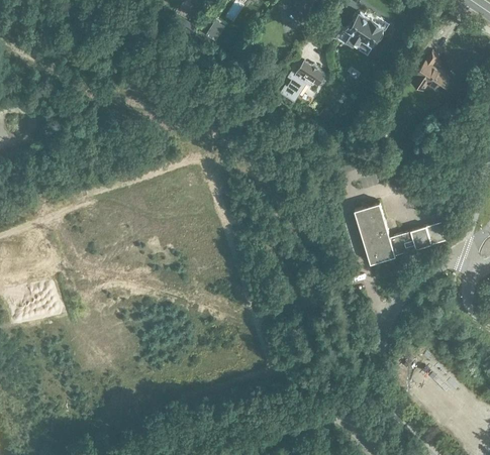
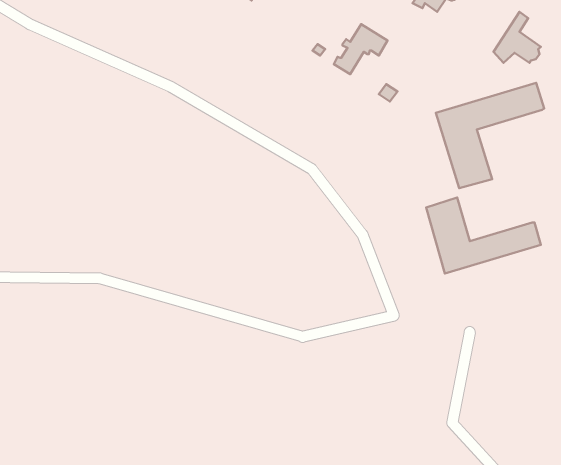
building: none -> [436,83,544,188]

